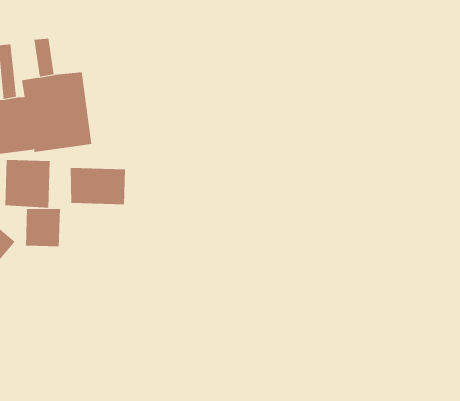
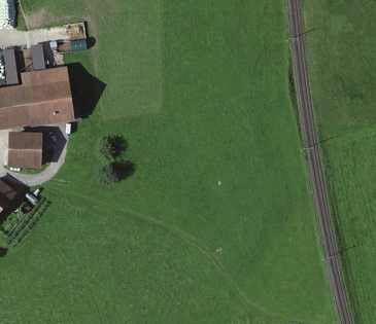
building: [70,167,126,205] -> none
building: [25,208,61,247] -> none

